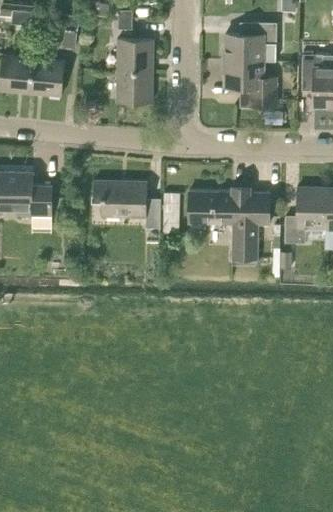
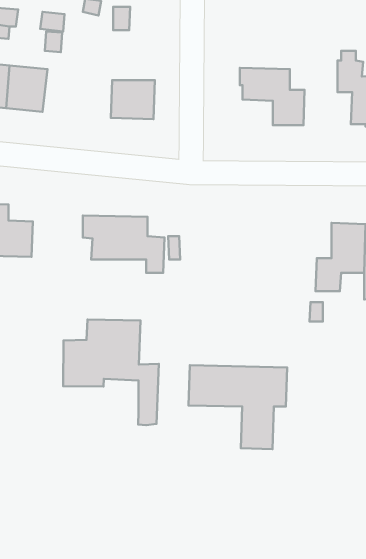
building: [222,22,276,61] -> none
building: [117,39,152,70] -> none
building: [188,190,269,259] -> [188,365,287,449]
building: none -> [63,319,159,425]

